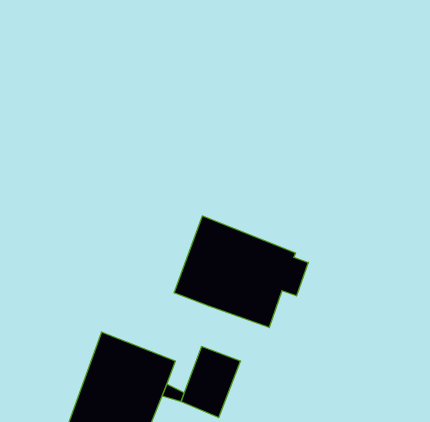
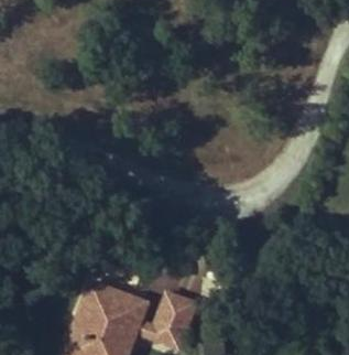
building: [174,216,308,328] -> none

